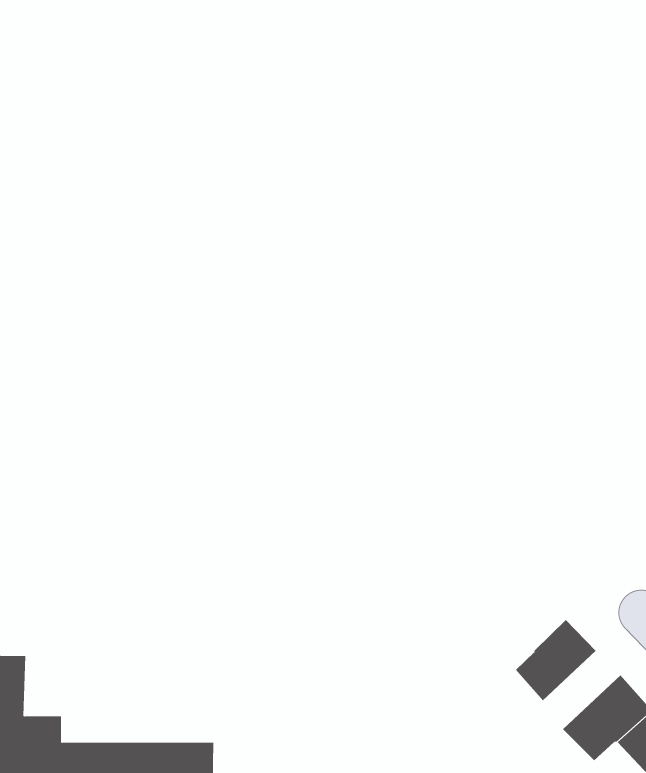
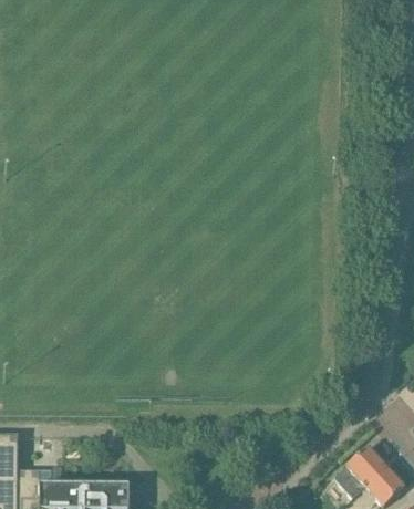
building: [515,619,597,701] -> none

